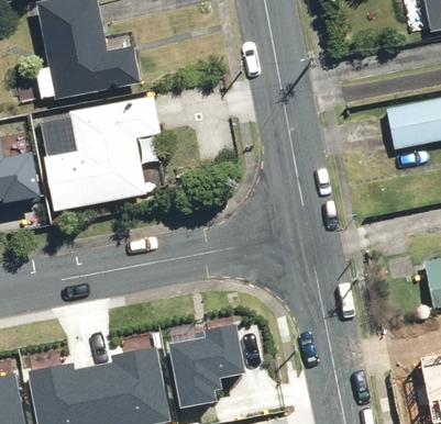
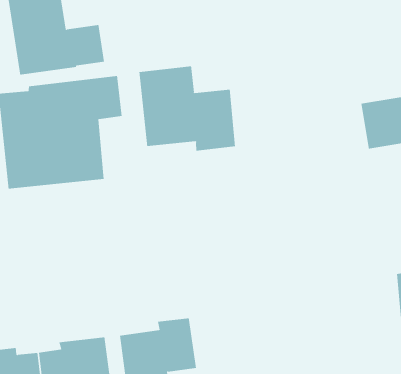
building: none -> [139,66,236,152]

